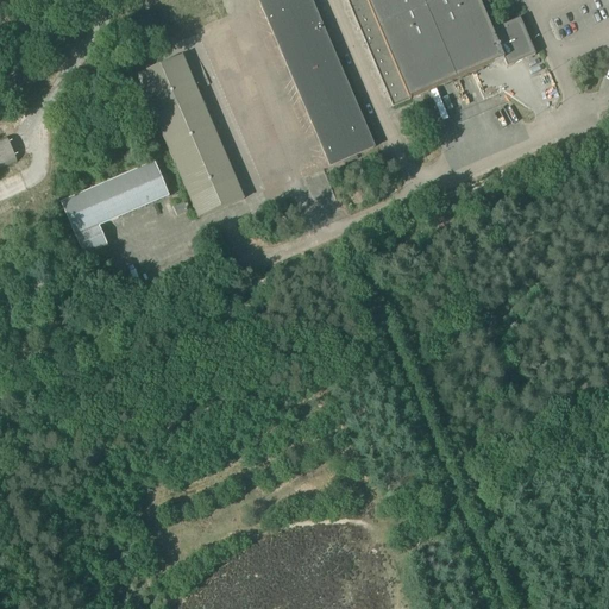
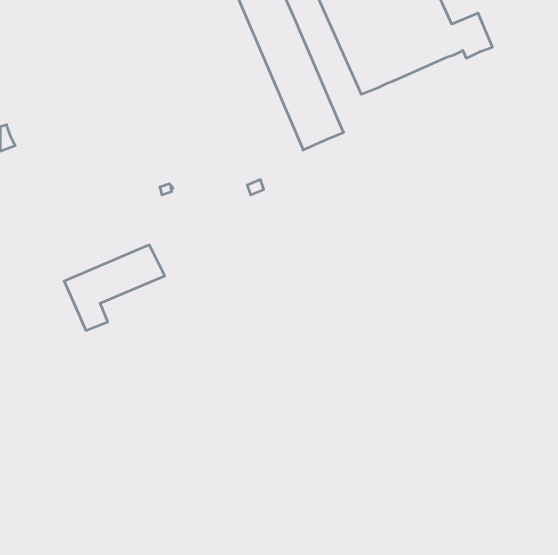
building: [137,52,245,215] -> none
building: [61,159,170,252] -> [64,245,165,330]

